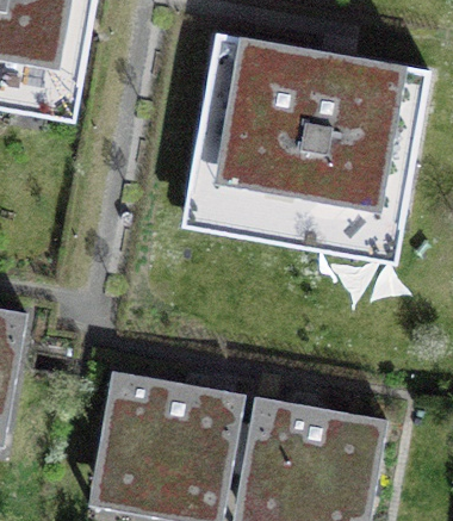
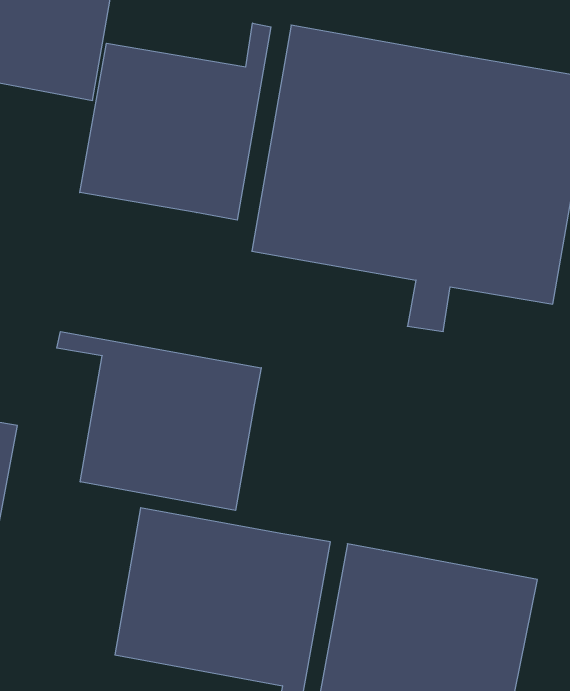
building: none -> [80,23,271,220]
building: none -> [57,332,261,510]

